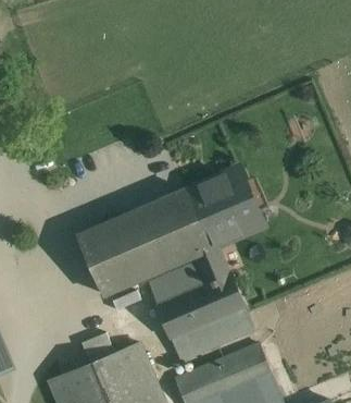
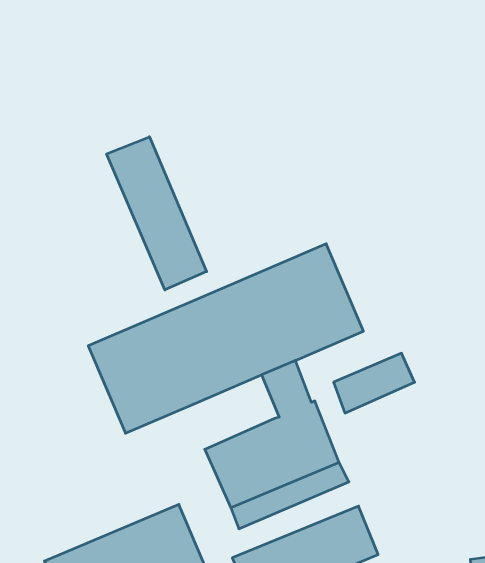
building: none -> [107,137,207,290]
building: [148,266,202,306] -> [334,353,415,413]

